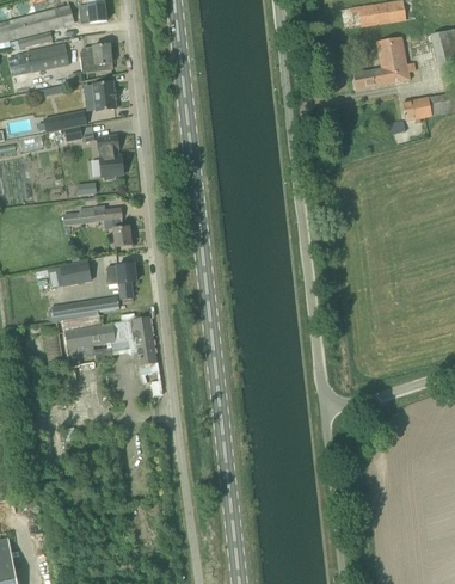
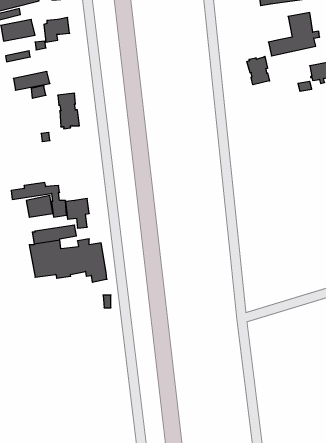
building: [92,81,116,110] -> none
building: none -> [247,56,270,85]
building: [63,204,130,246] -> [11,183,66,217]

